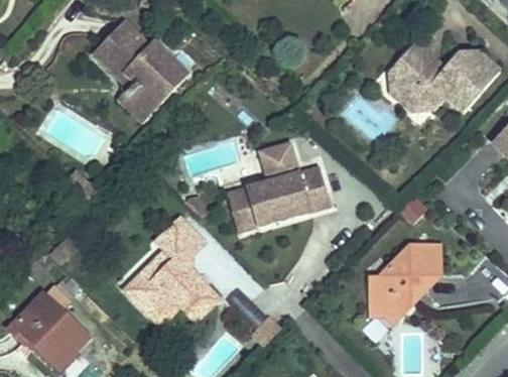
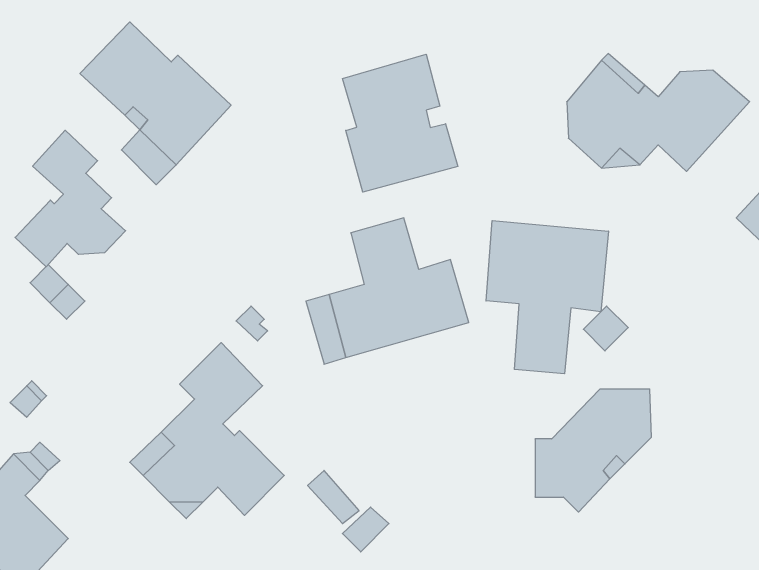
building: none -> [343,54,458,192]
building: none -> [15,130,126,267]
building: none -> [486,221,608,374]

